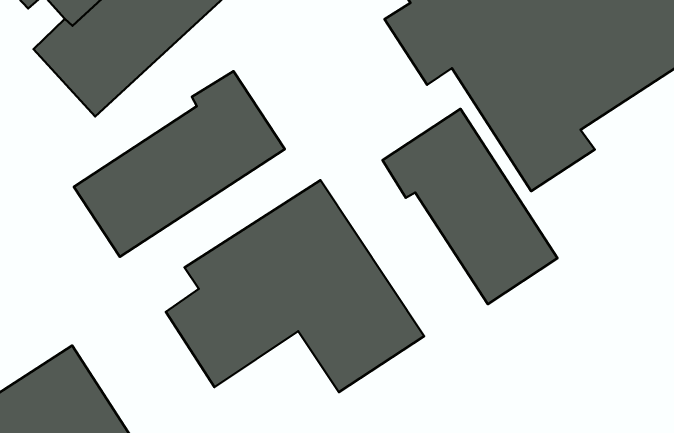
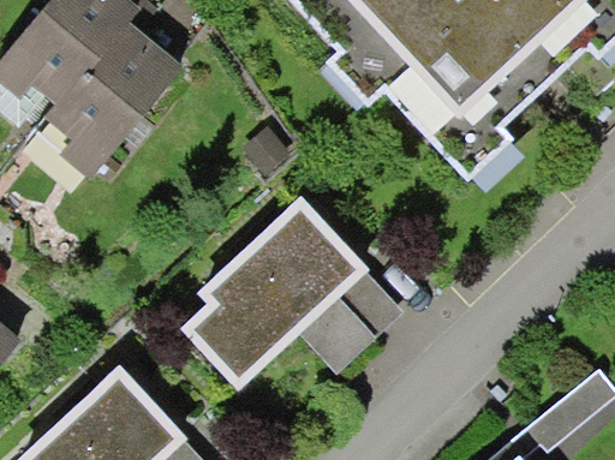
building: [74,71,285,257] -> none
building: [383,109,558,304] -> none

